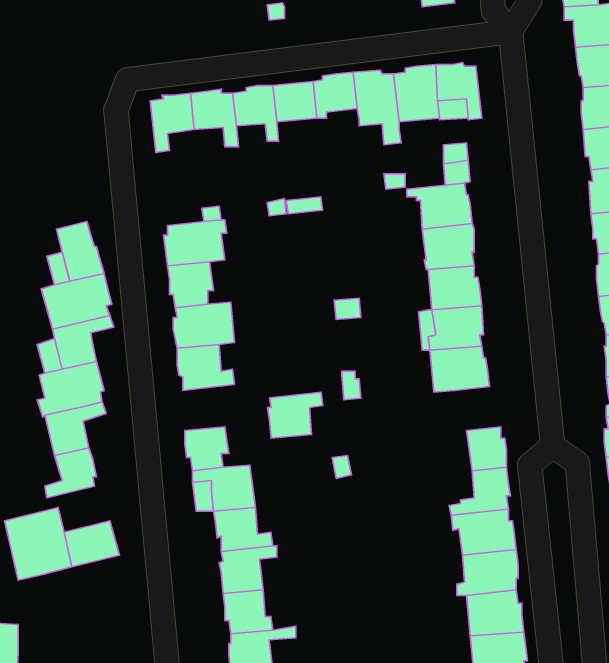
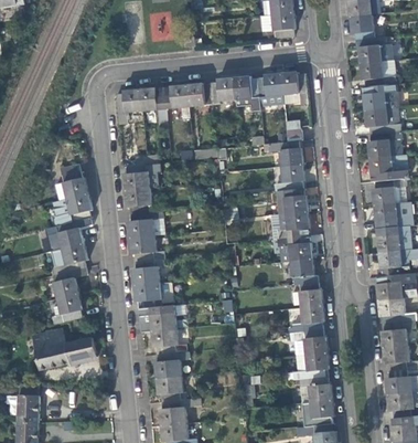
building: none -> [291,259,318,284]
building: [267,392,323,438] -> [133,257,165,284]

